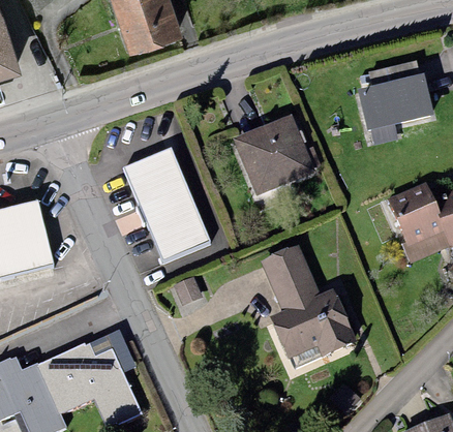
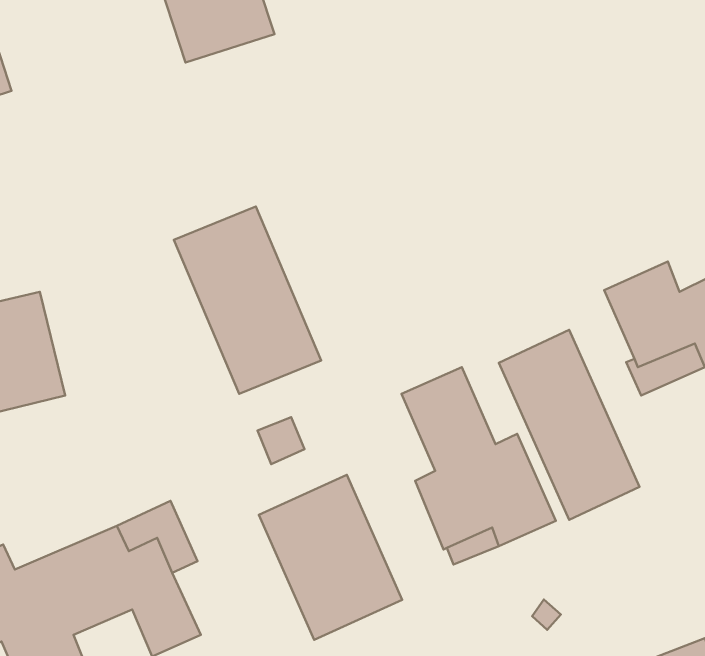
building: [356,60,434,130] -> none
building: [232,114,315,195] -> none
building: none -> [499,330,639,520]
building: none -> [259,475,402,640]

